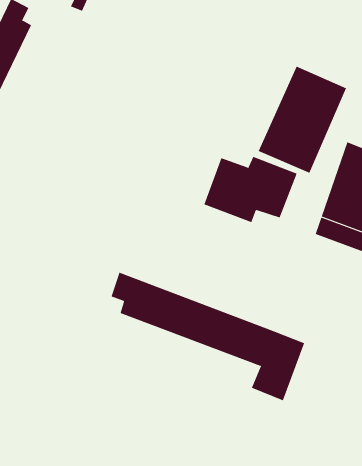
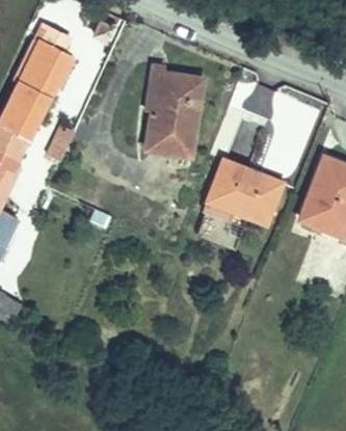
building: none -> [148,60,206,157]
building: [111,272,305,401] -> none

